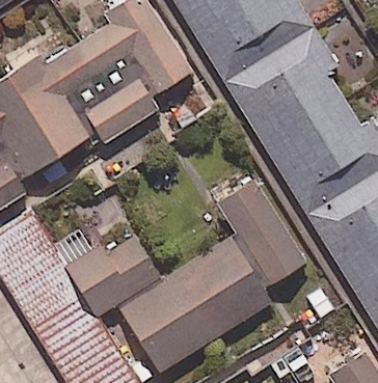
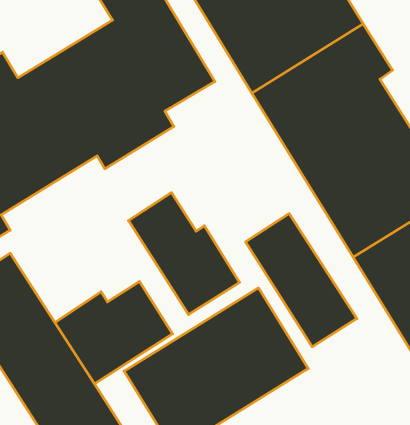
building: none -> [128,193,240,315]

